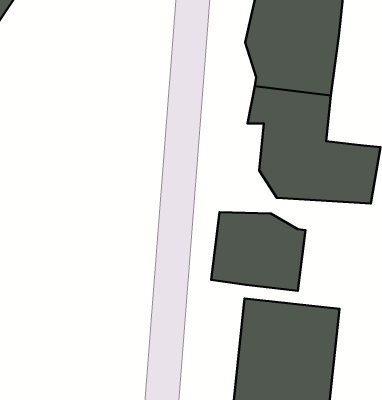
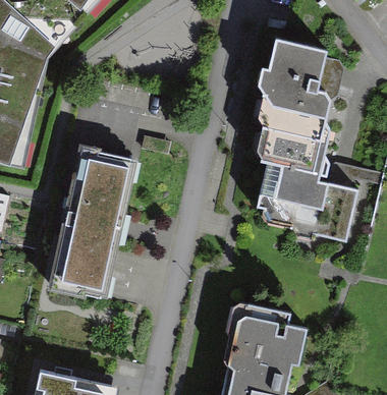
building: none -> [52,143,134,291]
building: [211,212,306,291] -> none

